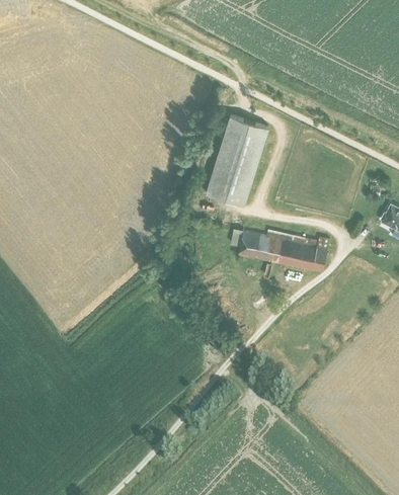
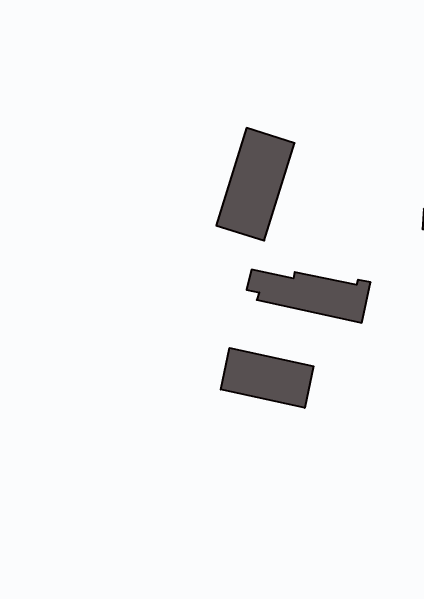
building: none -> [221,348,314,408]

